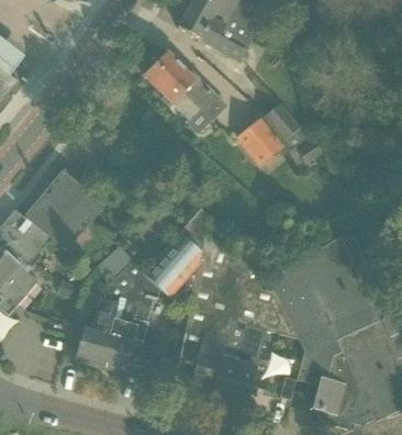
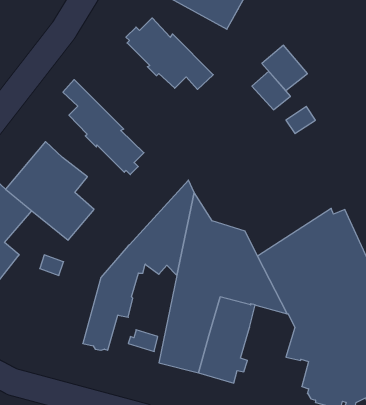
building: none -> [63,80,144,175]
building: [237,118,281,161] -> [262,45,307,91]
building: [75,258,144,364] -> none

